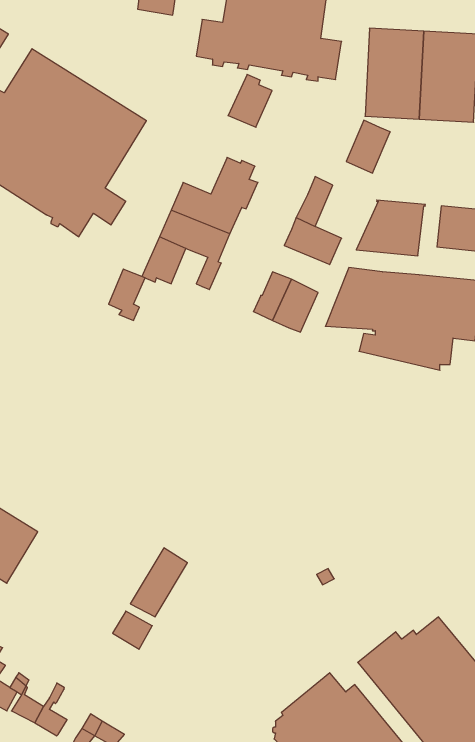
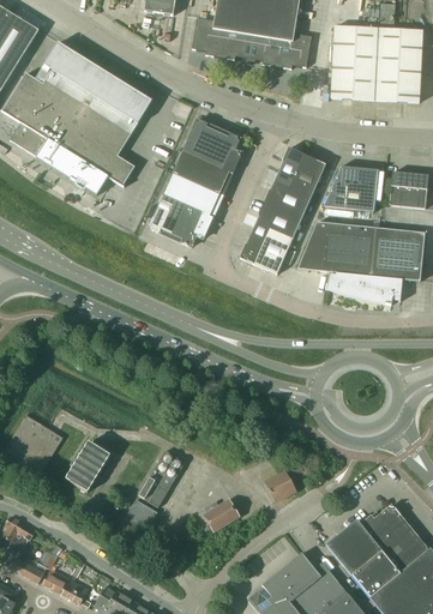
building: [228,74,272,127] -> [181,118,217,161]
building: [346,120,390,173] -> [289,154,325,197]
building: none -> [254,203,301,241]
building: [109,269,145,320] -> [172,205,202,247]
building: none -> [65,443,109,493]
building: none -> [264,470,296,502]
building: none -> [203,500,236,530]

